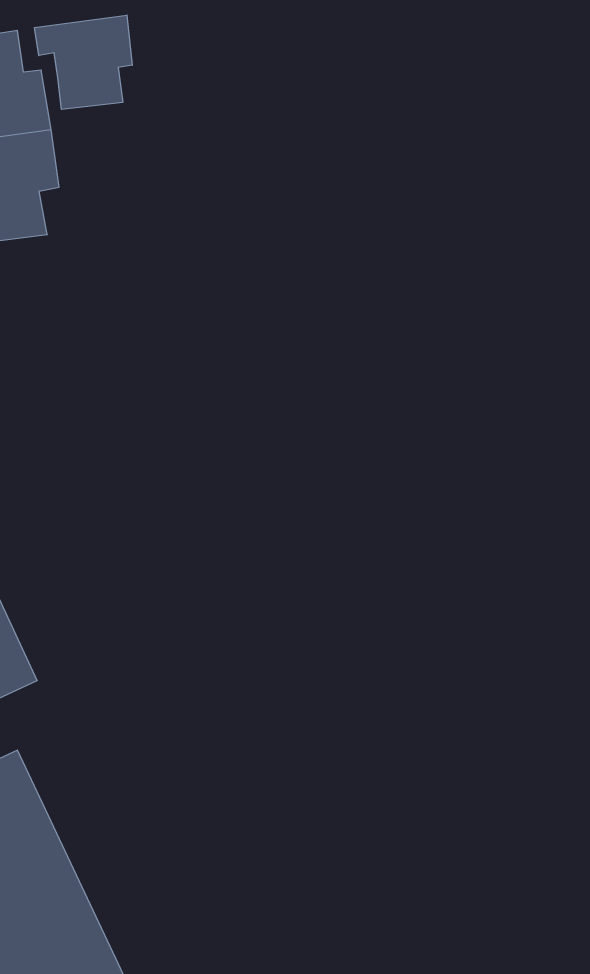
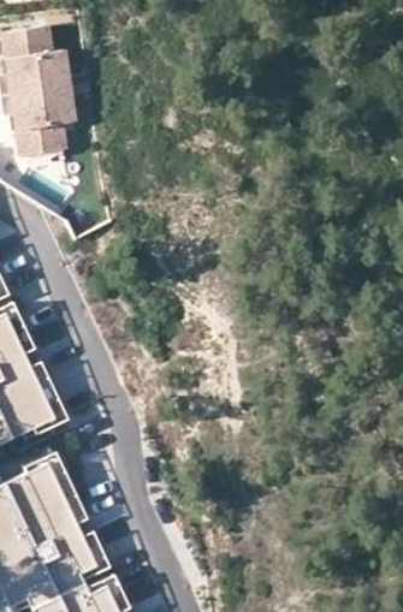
building: [35,15,132,109] -> none

